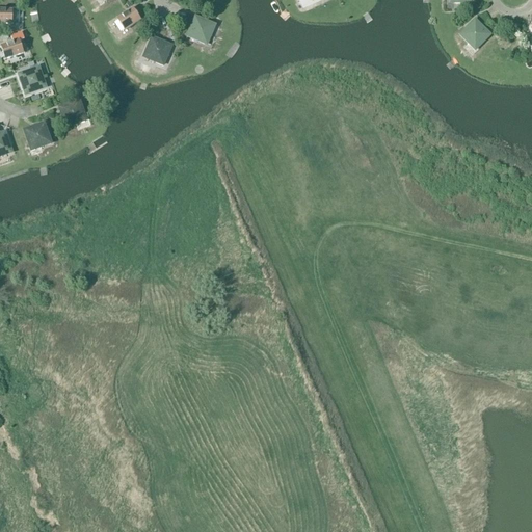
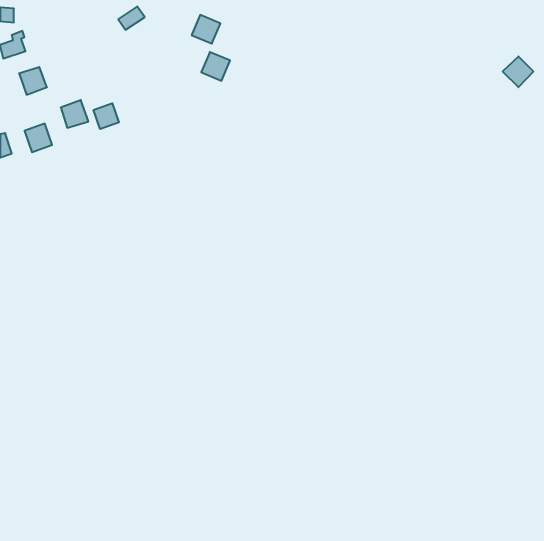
building: [459,18,489,48] -> [503,56,533,87]
building: [143,35,171,63] -> [201,52,230,81]
building: none -> [94,103,119,129]

